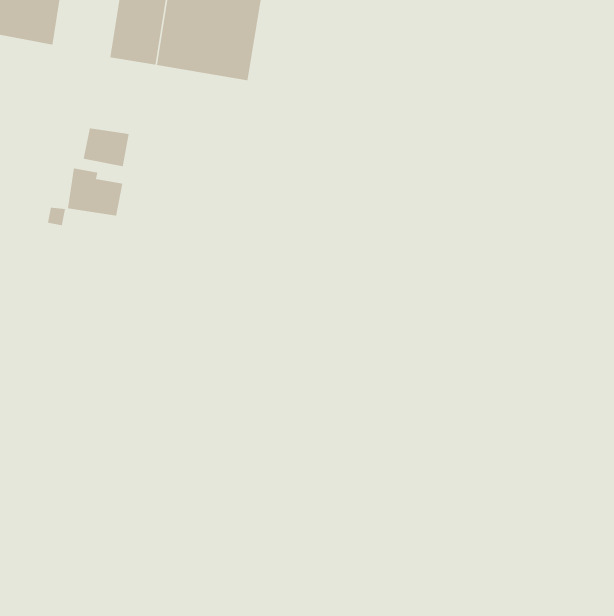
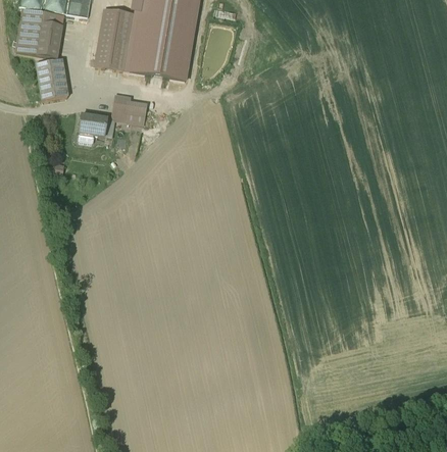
building: none -> [36,57,68,98]
building: [67,168,123,216] -> [111,92,148,123]

